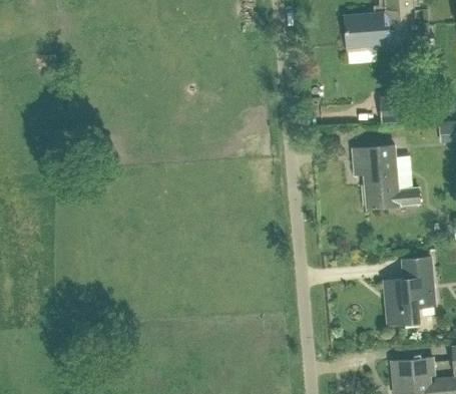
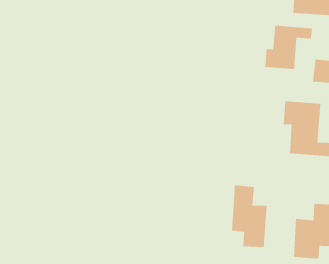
building: none -> [265,25,313,70]
building: none -> [231,185,267,248]

